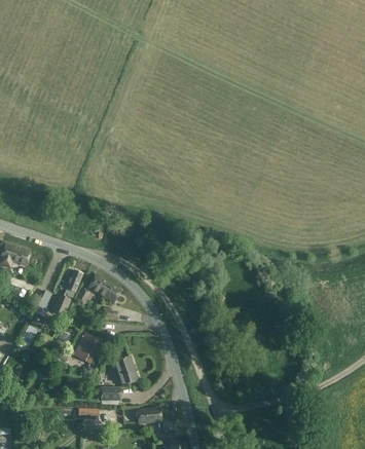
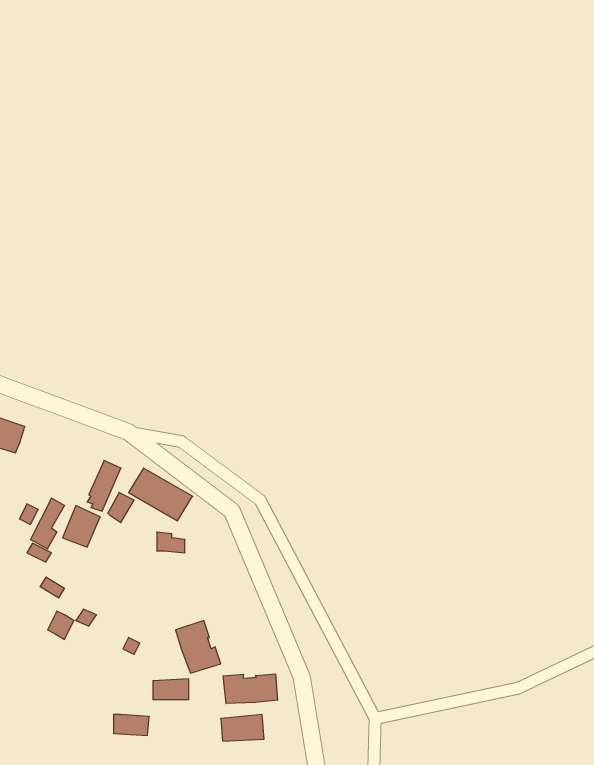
building: [72,333,100,363] -> none
building: none -> [223,674,278,704]

